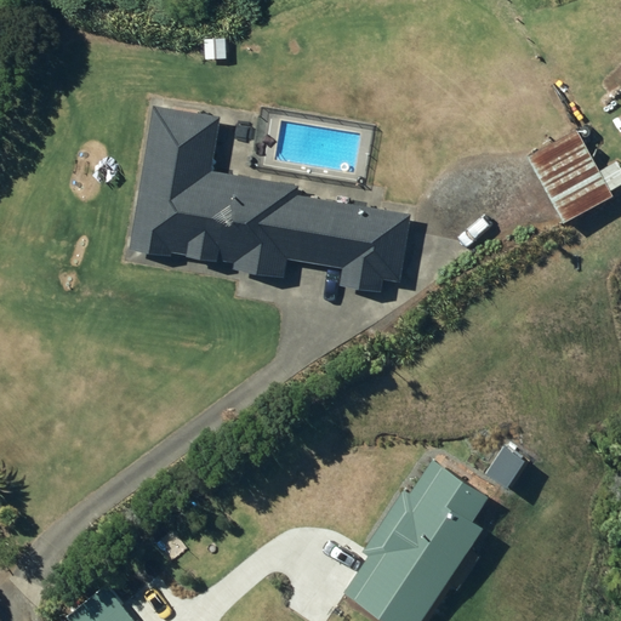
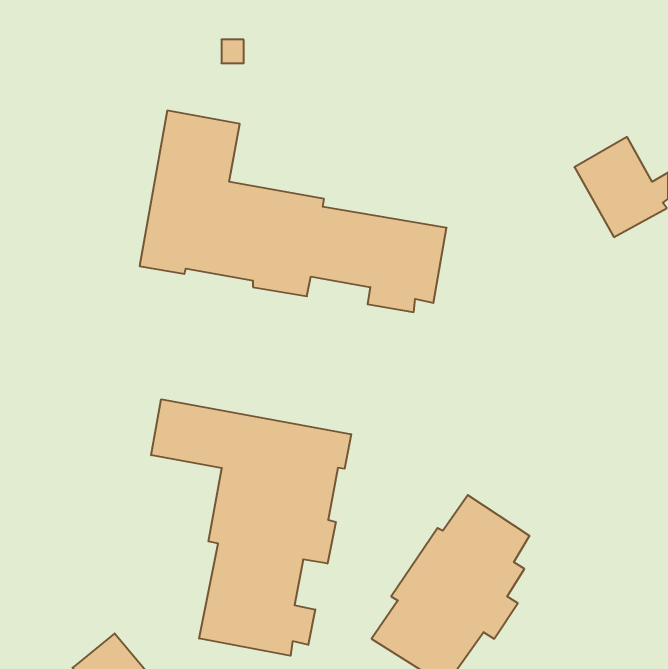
building: none -> [151,399,351,656]

